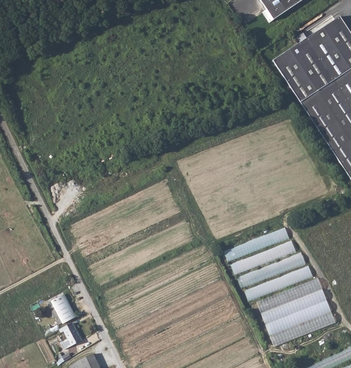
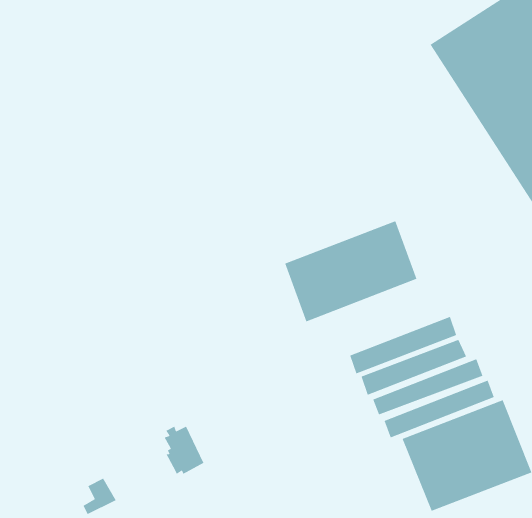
building: none -> [284,220,418,322]
building: [51,293,76,323] -> [163,426,204,475]

